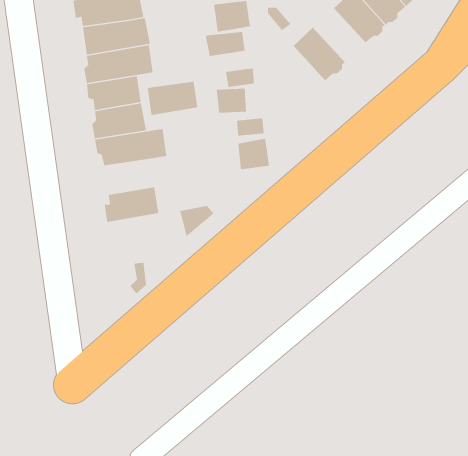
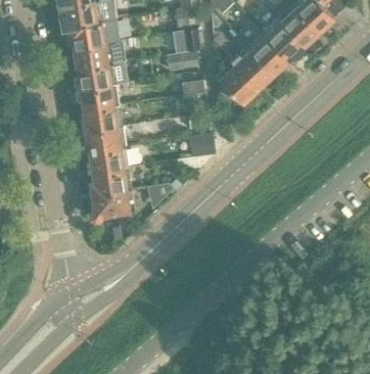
building: none -> [248,34,288,75]
building: none -> [218,62,258,103]
building: [147,81,198,116] -> [90,148,129,175]
building: none -> [91,189,135,221]

